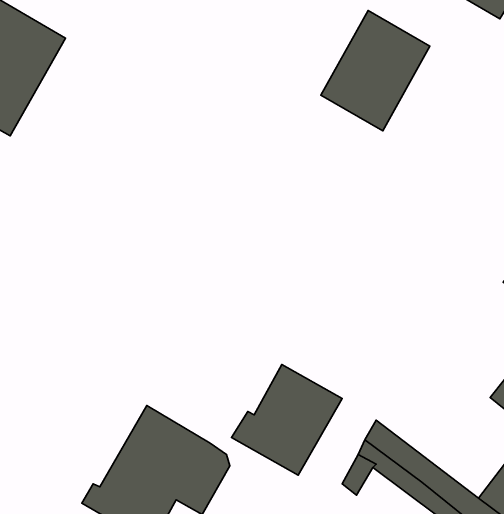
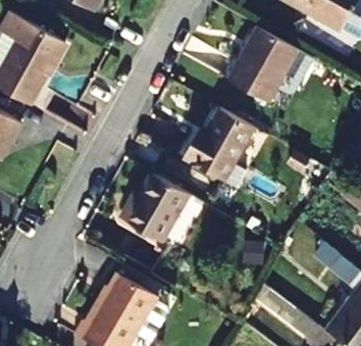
building: none -> [182,108,252,181]
building: [231,364,342,475] -> [120,172,190,242]

